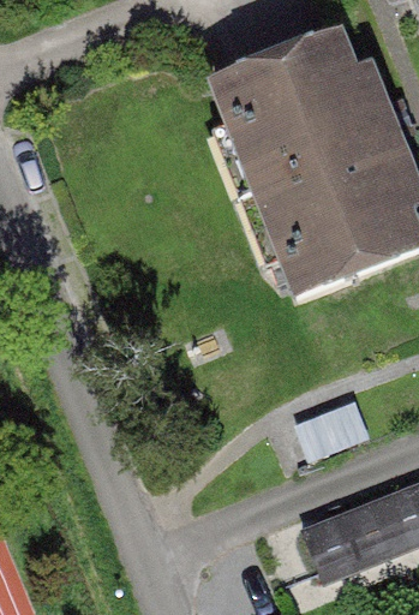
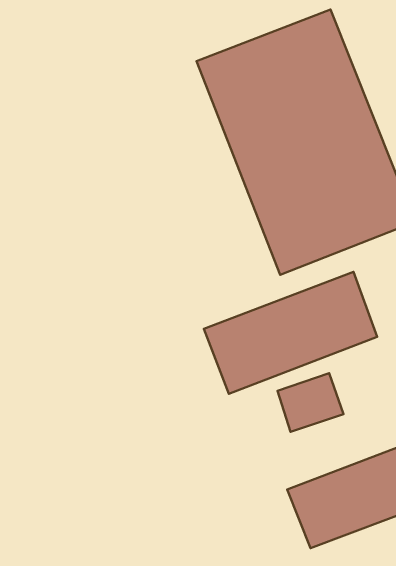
building: none -> [204,272,377,394]

